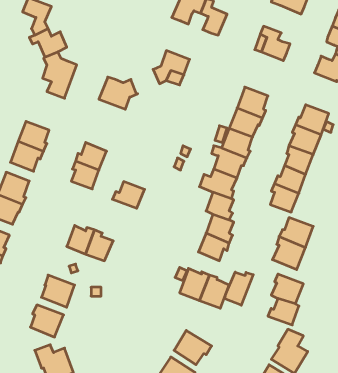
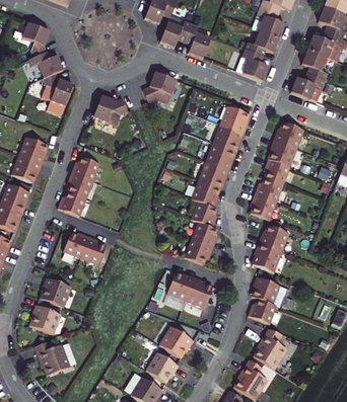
building: none -> [238,30,278,56]
building: [112,182,145,208] -> [57,191,86,216]
building: [225,272,253,305] -> none

